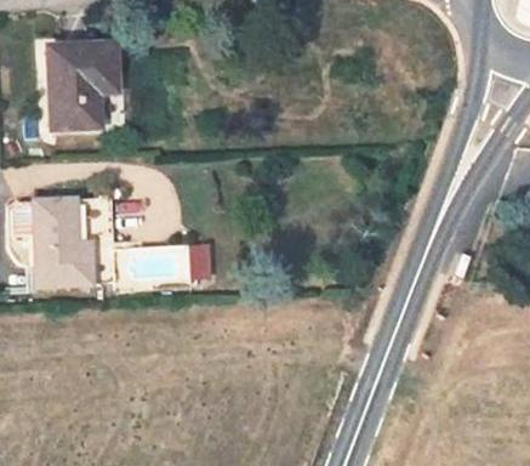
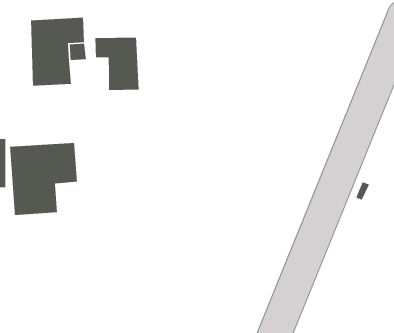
building: none -> [94,37,139,91]

